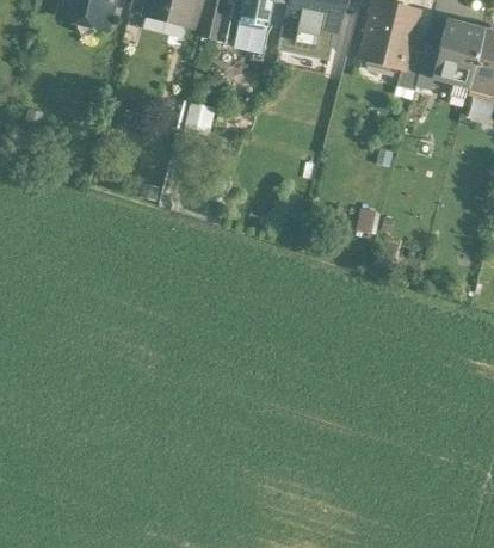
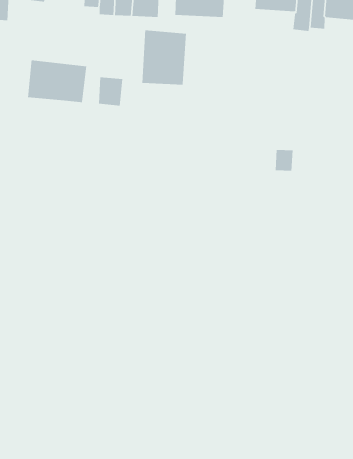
building: none -> [142,29,187,86]
building: none -> [27,59,87,103]

